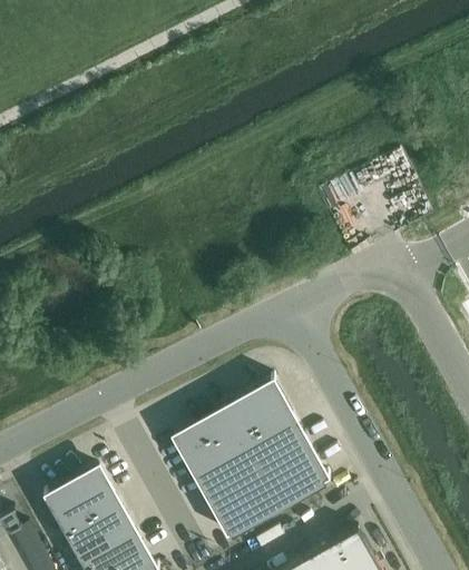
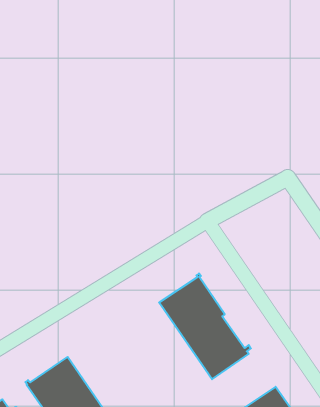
building: [175,413,277,538] -> none

